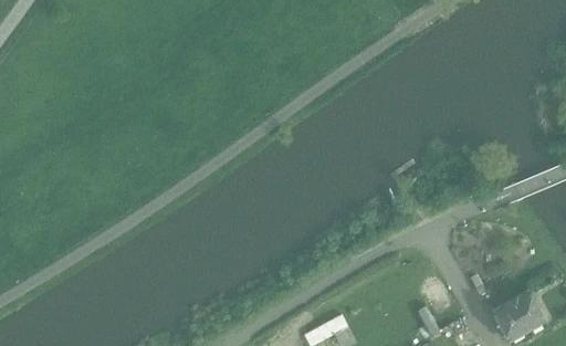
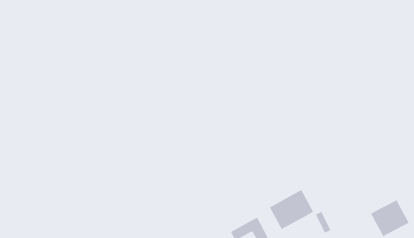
building: none -> [269,189,314,230]

